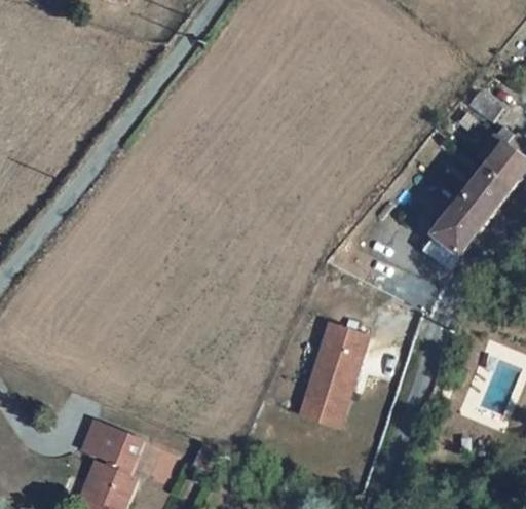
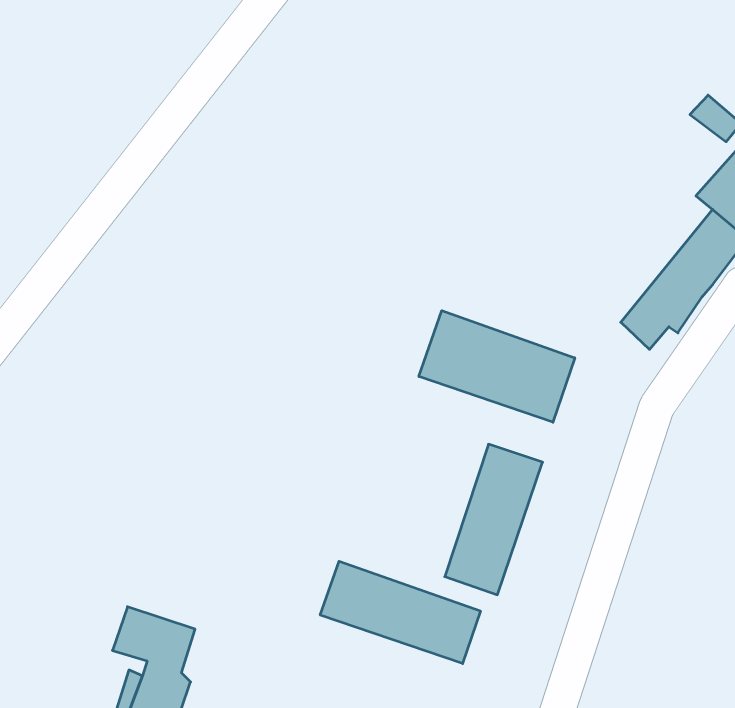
building: none -> [419,311,575,422]
building: none -> [320,561,480,664]

